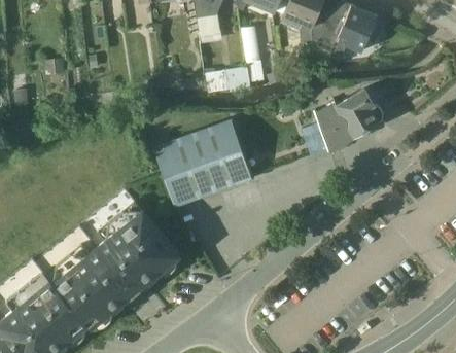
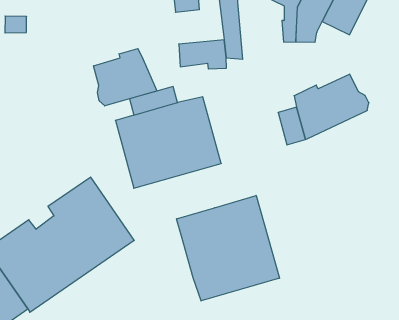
building: none -> [94,49,157,106]
building: none -> [177,195,280,301]

